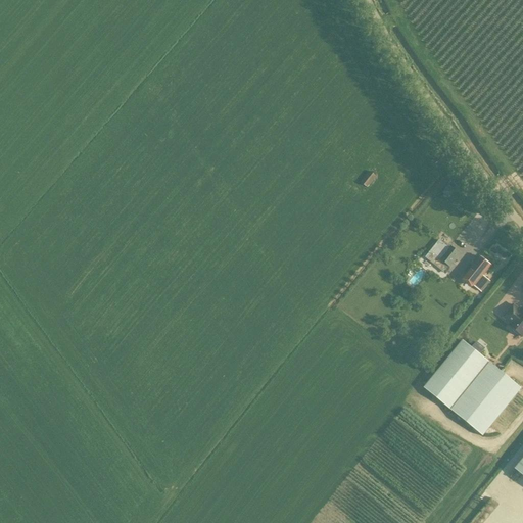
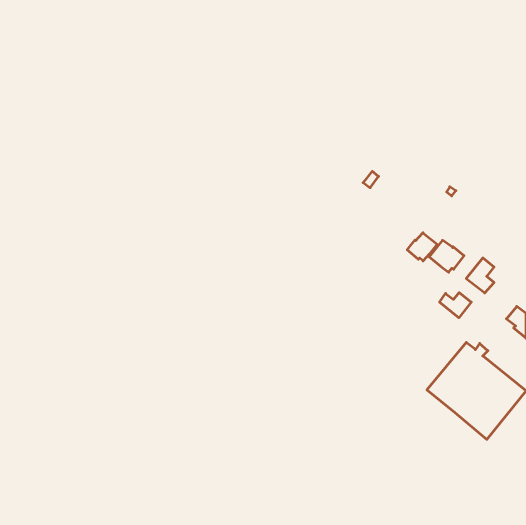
building: none -> [407,233,437,261]
building: none -> [440,293,471,318]

